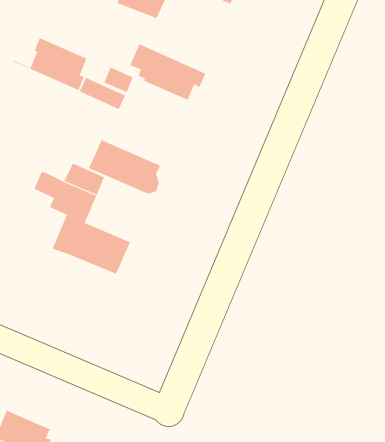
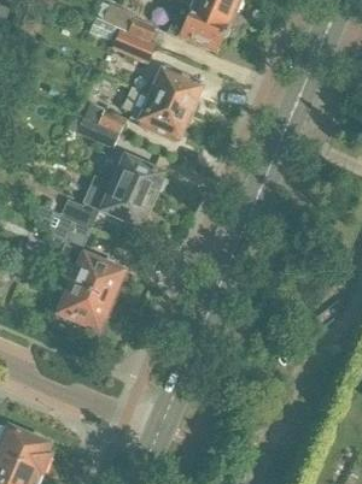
building: [12,38,87,91] -> [130,64,200,113]
building: none -> [110,153,165,199]
building: none -> [51,282,112,332]

